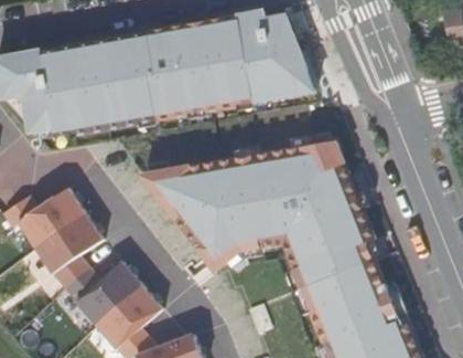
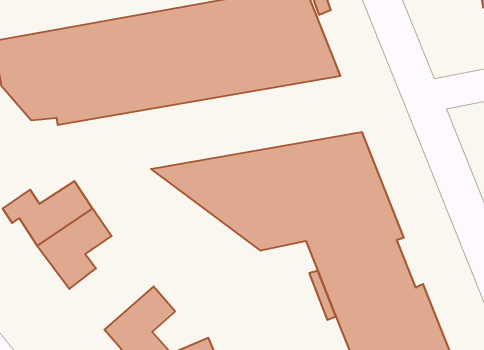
building: [65,263,142,326] -> none

